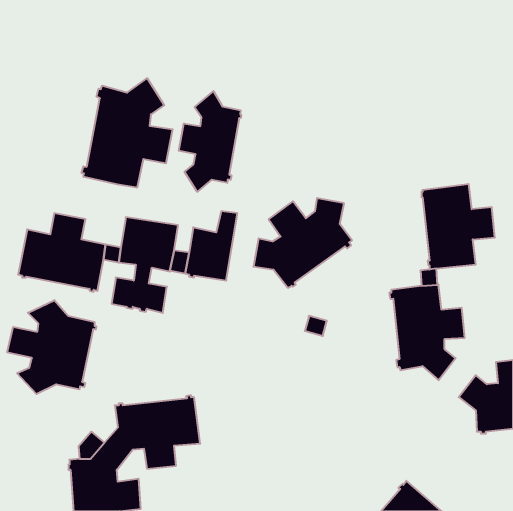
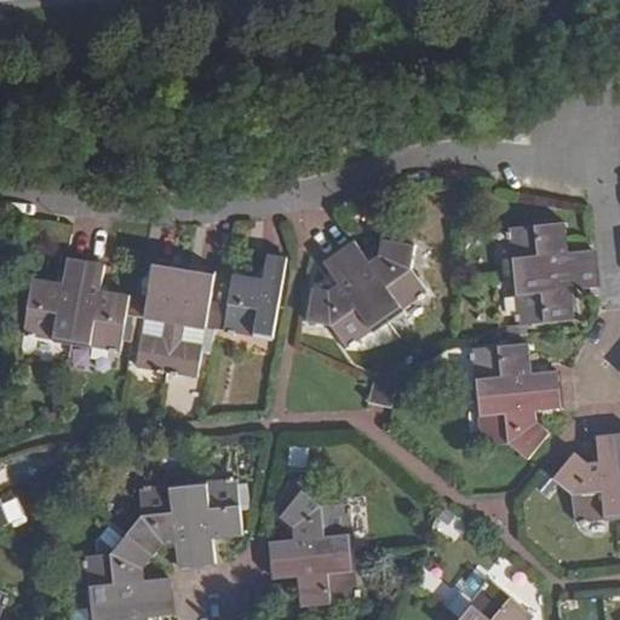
building: [82,78,173,188] -> none
building: [179,91,241,192] -> none
building: [7,300,96,394] -> none
building: none -> [270,489,357,605]

